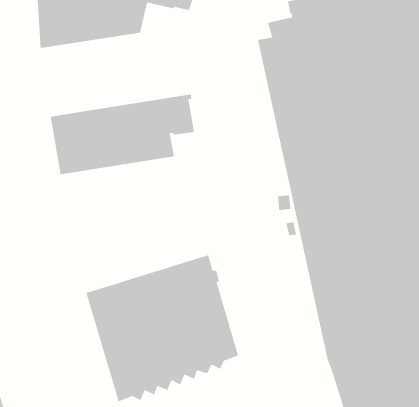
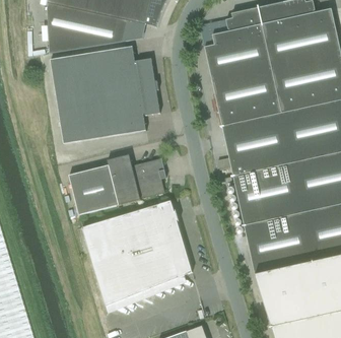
building: none -> [51,46,158,102]
building: none -> [69,154,166,214]

